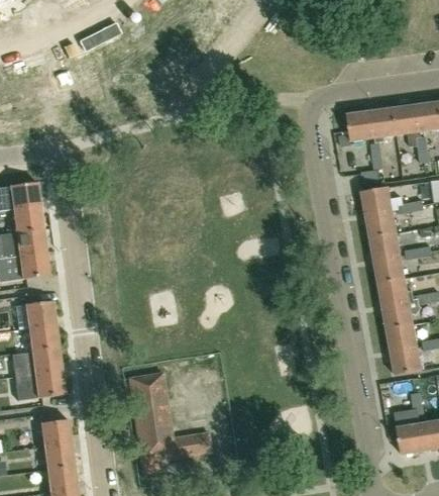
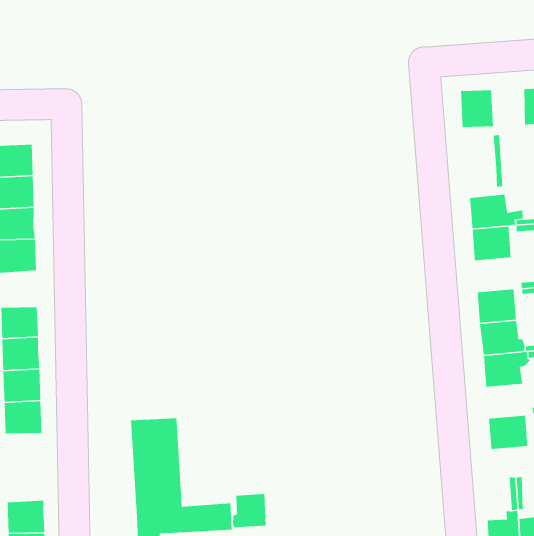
building: [370,107,397,137] -> none
building: [369,232,401,260] -> none
building: [387,324,418,352] -> none
building: [40,419,71,447] -> none
building: none -> [232,493,266,528]

